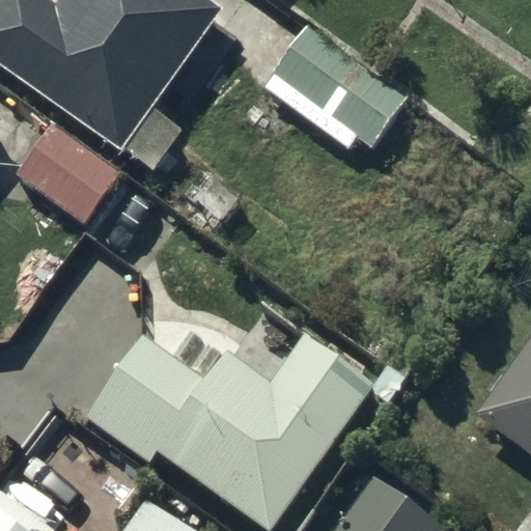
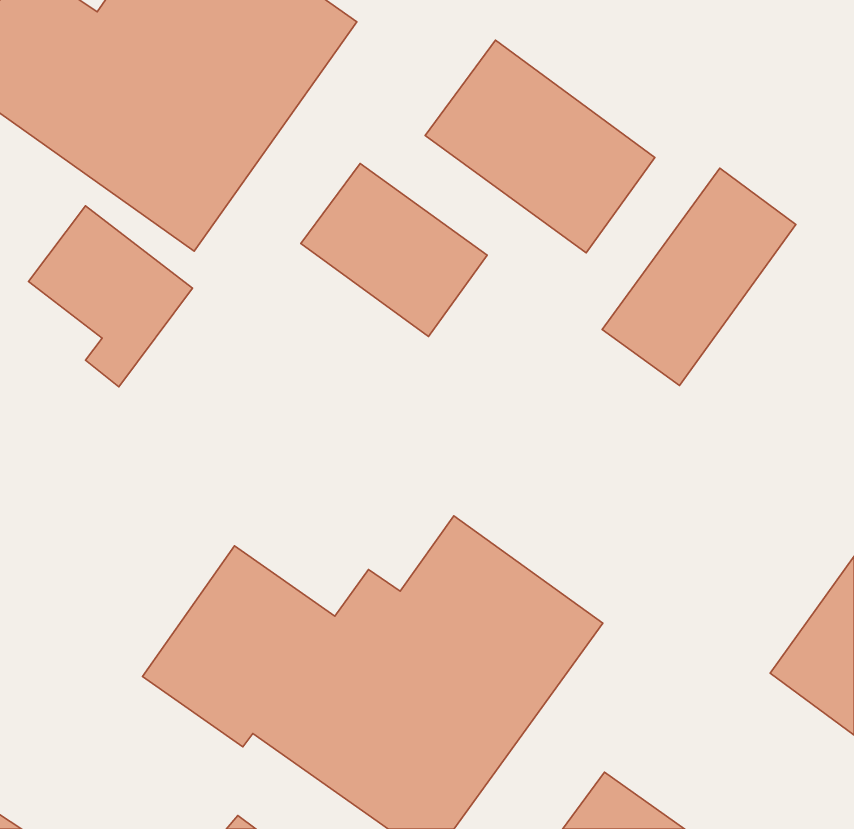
building: none -> [301,163,487,336]
building: none -> [602,168,796,385]

